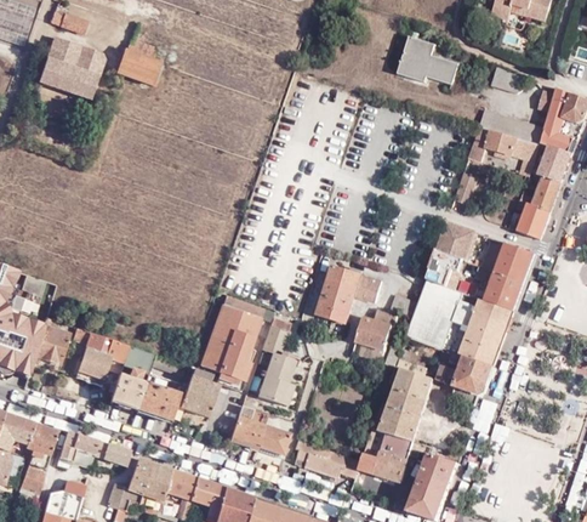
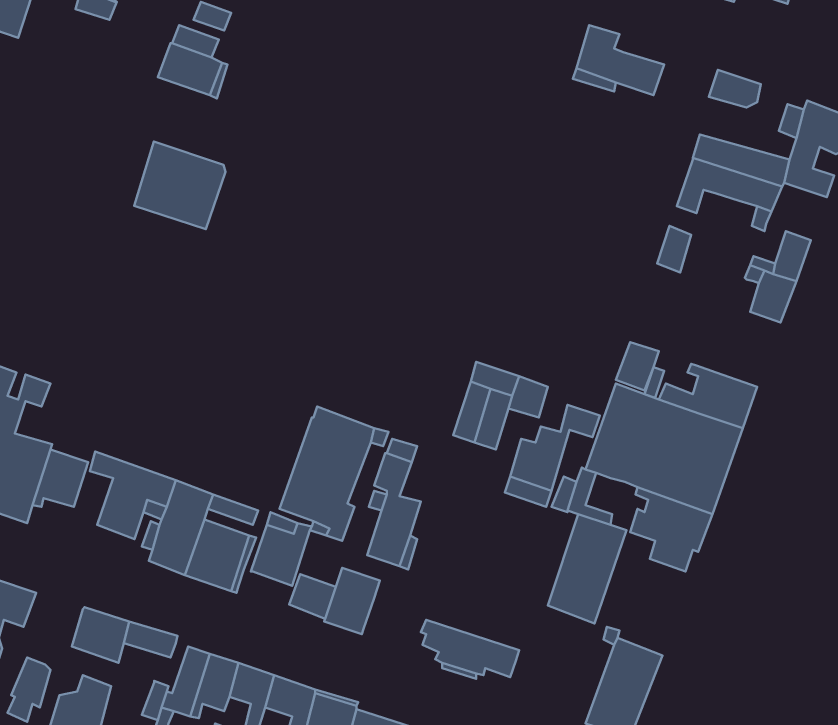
building: [40,38,102,97] -> [134,141,225,229]
building: [538,146,570,182] -> none
building: [437,221,475,261] -> none
building: [481,240,534,282] -> none
building: [25,421,58,469] -> none
building: [256,425,287,455] -> [289,574,336,619]
building: [359,427,412,482] -> none

